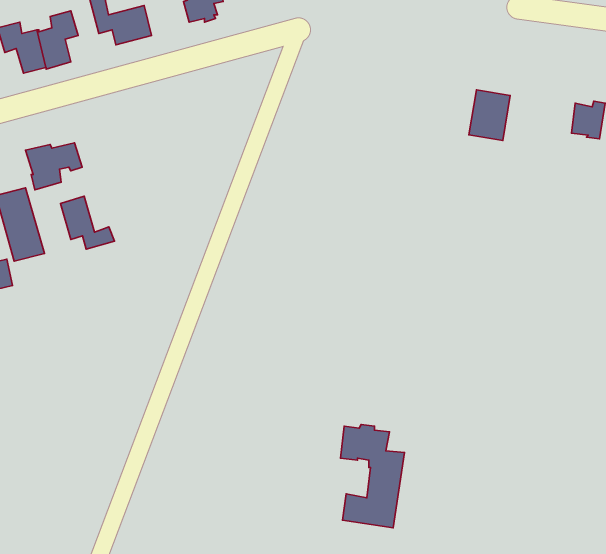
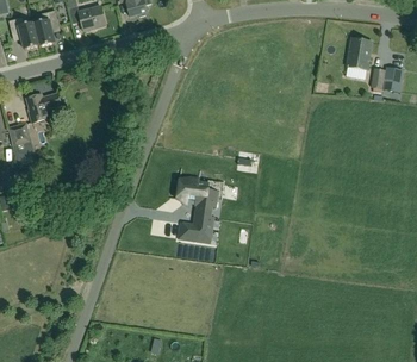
building: [469,90,510,141] -> [346,37,372,69]
building: [61,196,115,249] -> none
building: [340,424,404,528] -> [178,176,218,242]

